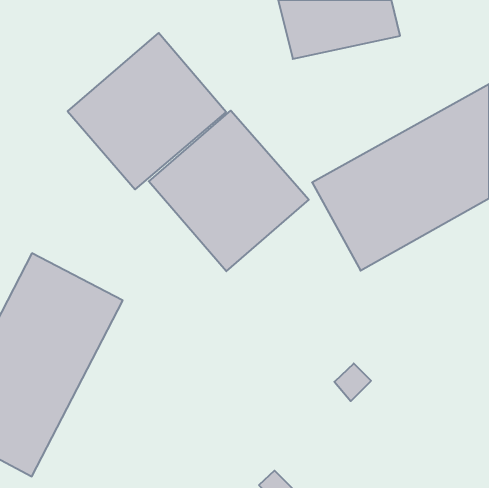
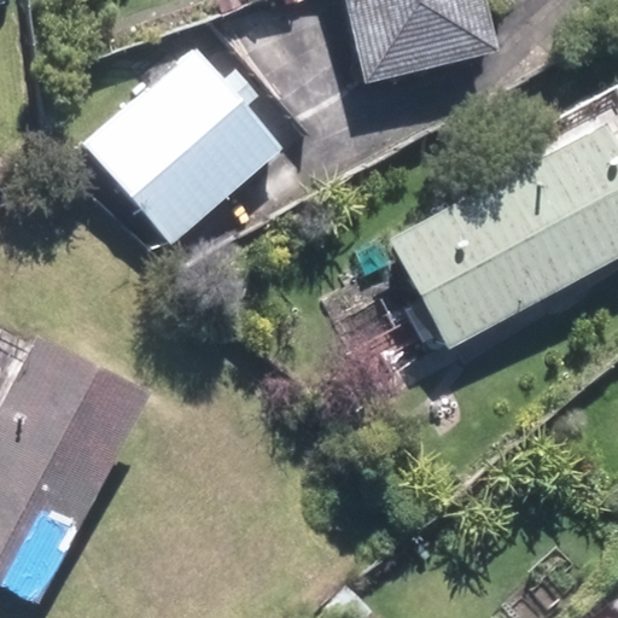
building: [149,111,309,271] -> none

